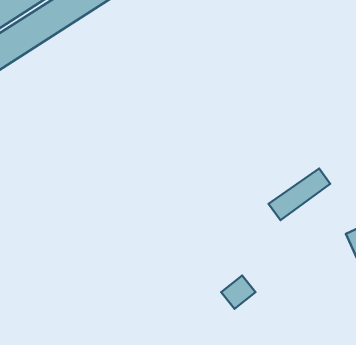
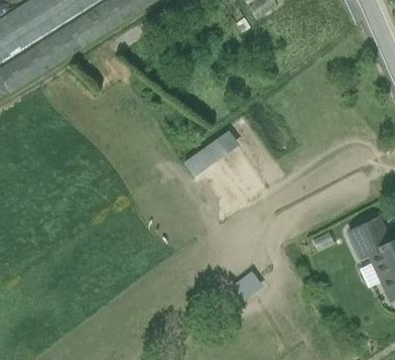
building: [269,168,330,220] -> [188,127,245,174]

